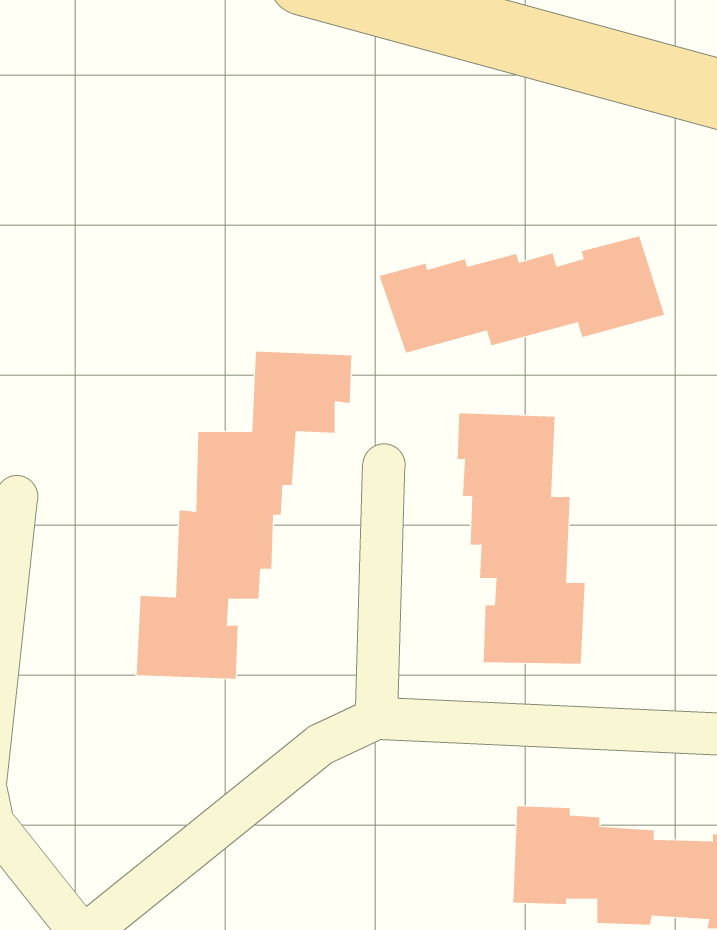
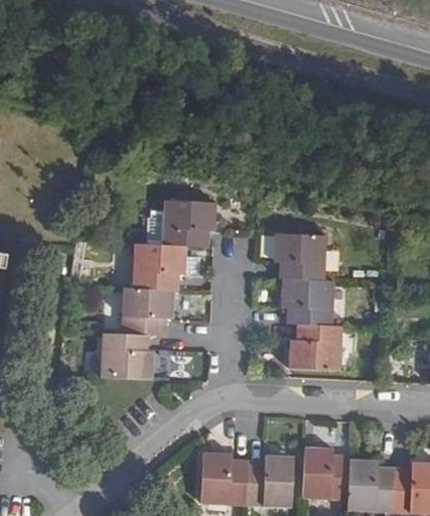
building: [379,236,665,353] -> none
building: none -> [200,454,292,508]

